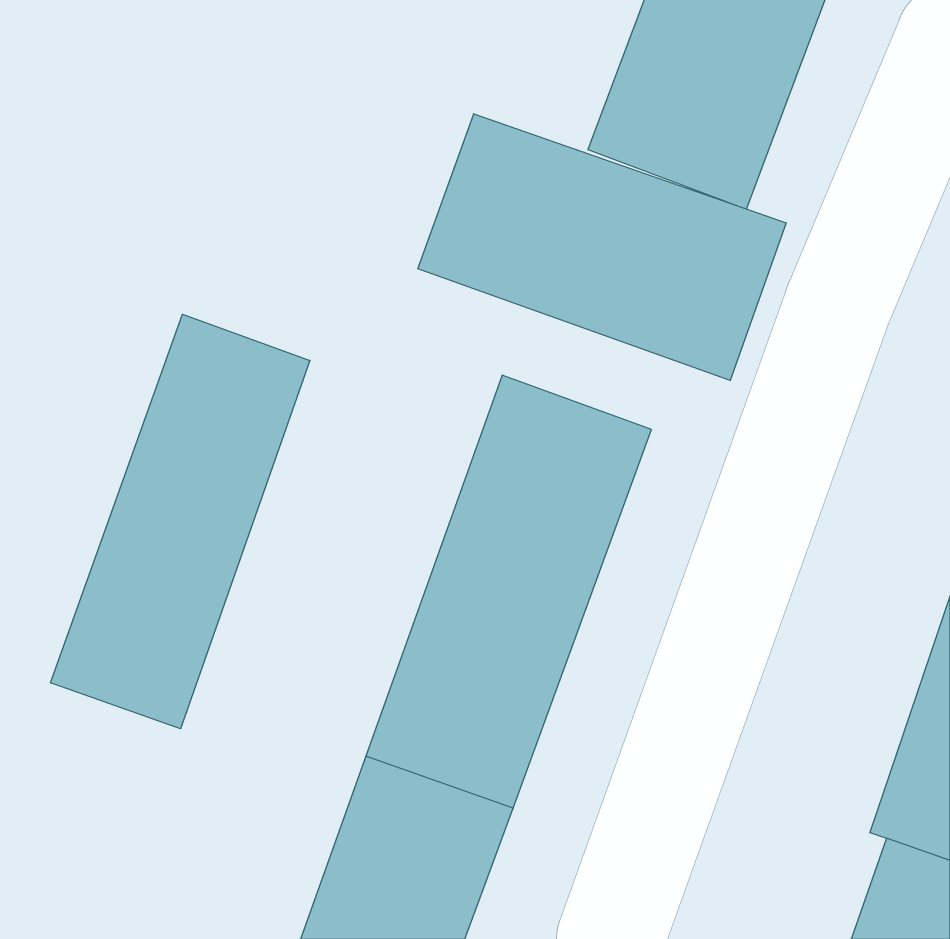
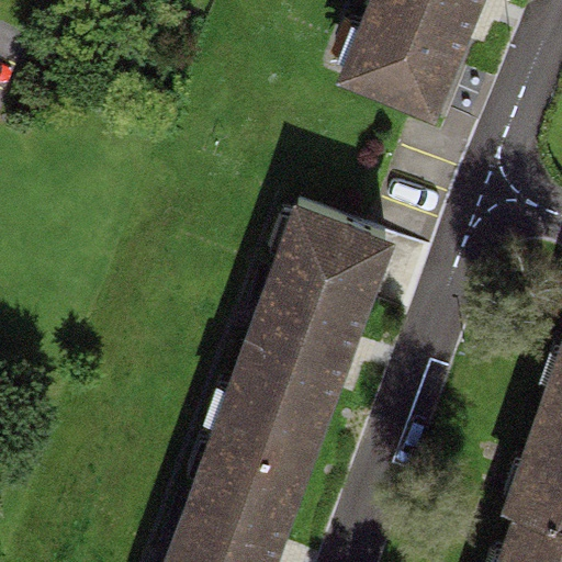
building: [418,114,786,381] -> none
building: [51,314,310,729] -> none

